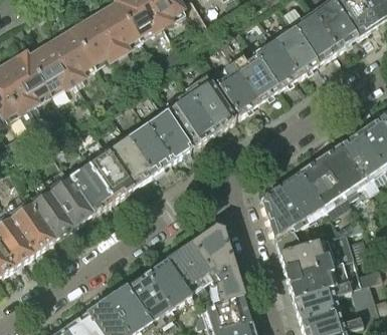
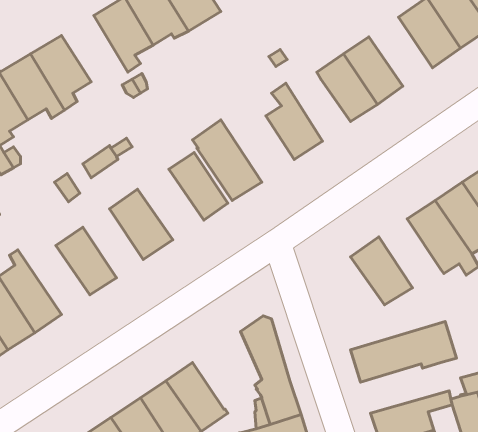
building: [283,8,338,63] -> none
building: [73,13,121,60] -> none
building: [233,55,279,102] -> none
building: [187,73,237,131] -> none
building: [128,122,175,173] -> none
building: [88,150,132,200] -> none
building: [300,157,344,210] -> none
building: [42,173,93,226] -> none
building: [263,185,317,251] -> none
building: [167,238,216,293] -> none
building: [286,260,350,296] -> none

